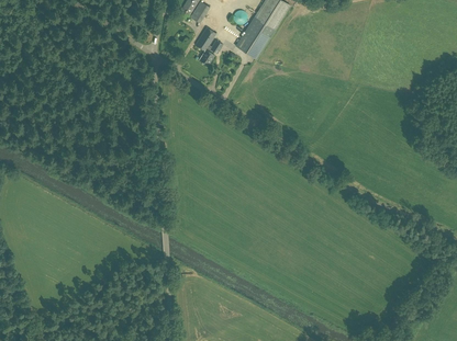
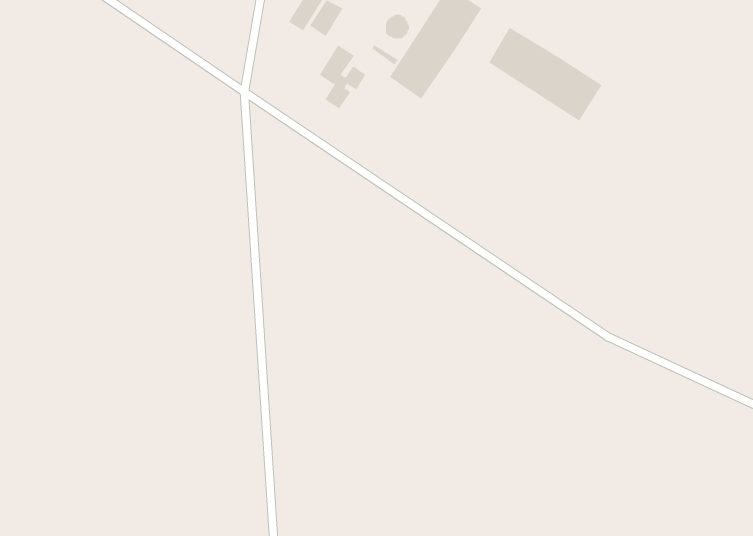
building: none -> [488,27,602,121]

